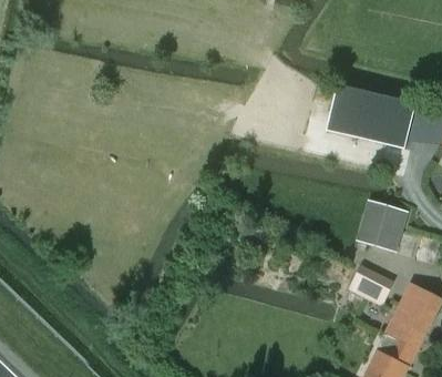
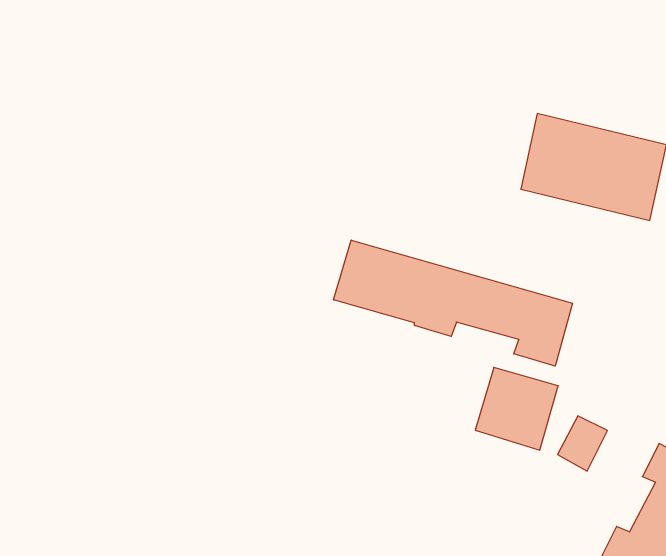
building: none -> [333,240,573,366]
building: [357,201,407,251] -> [475,367,558,450]

